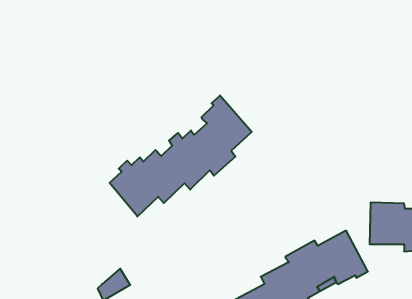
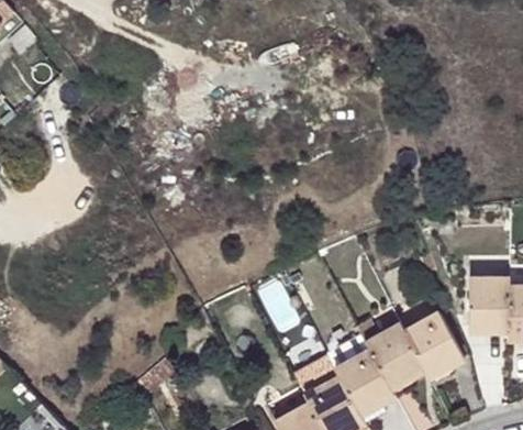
building: [110,95,252,217] -> none

